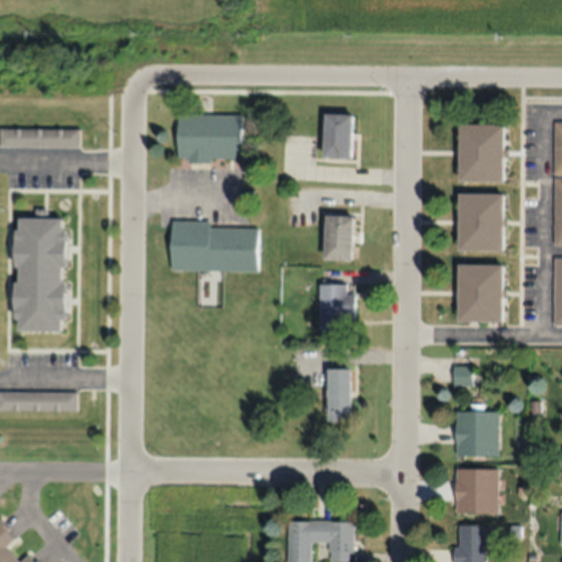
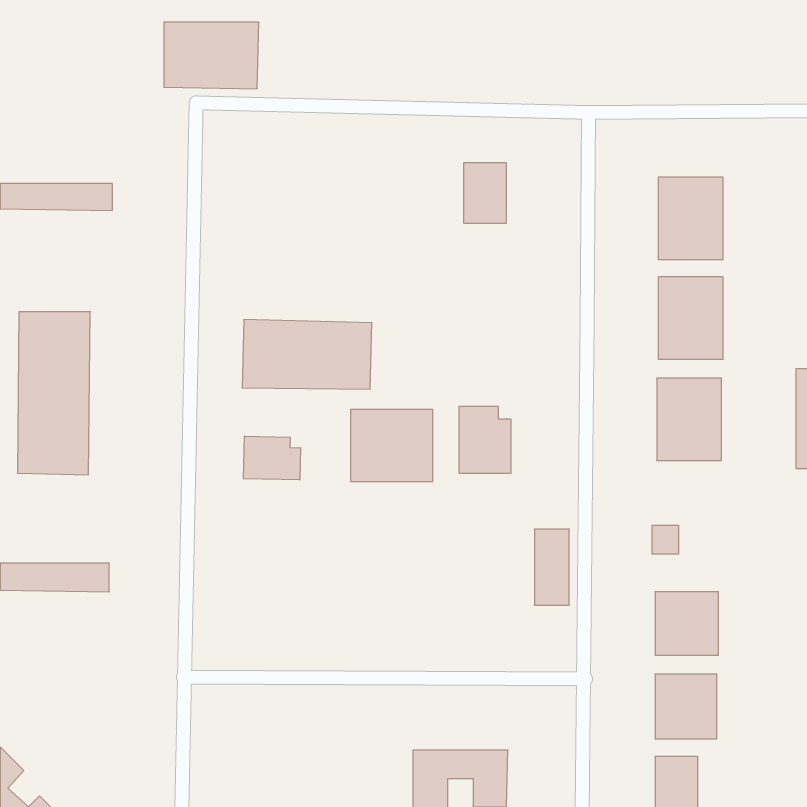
building: [177,114,243,160] -> [164,22,259,89]
building: [324,215,352,260] -> none
building: none -> [351,409,433,482]
building: none -> [243,436,301,480]
building: [326,369,350,422] -> [534,529,569,605]

